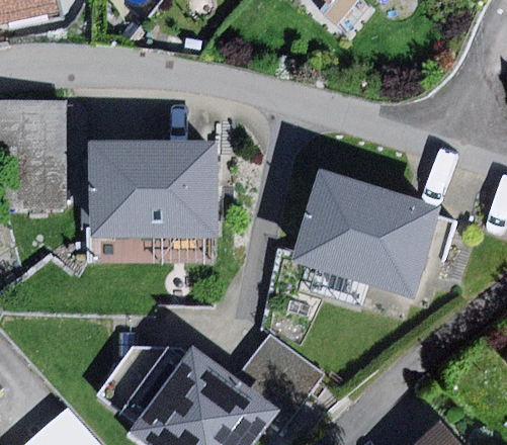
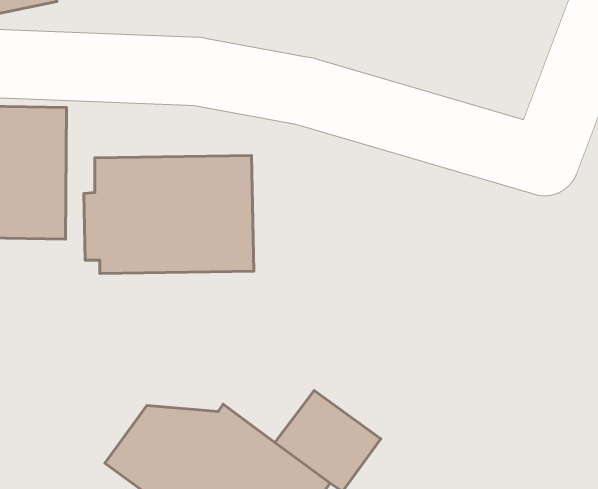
building: [291,169,442,299] -> none

